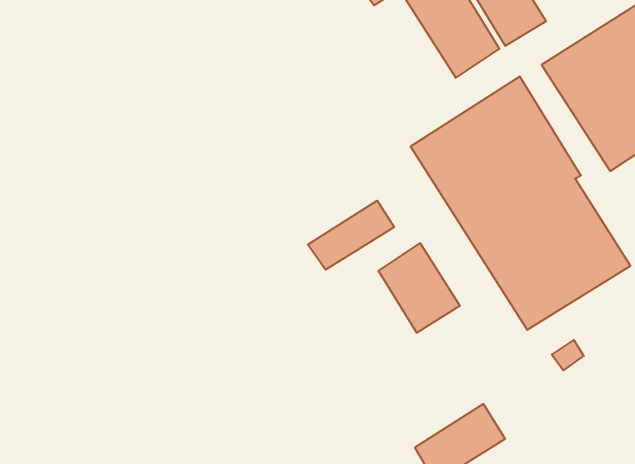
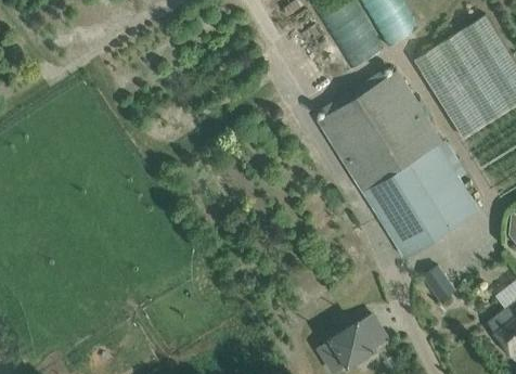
building: [308,201,394,270] -> none
building: [379,243,460,333] -> none

